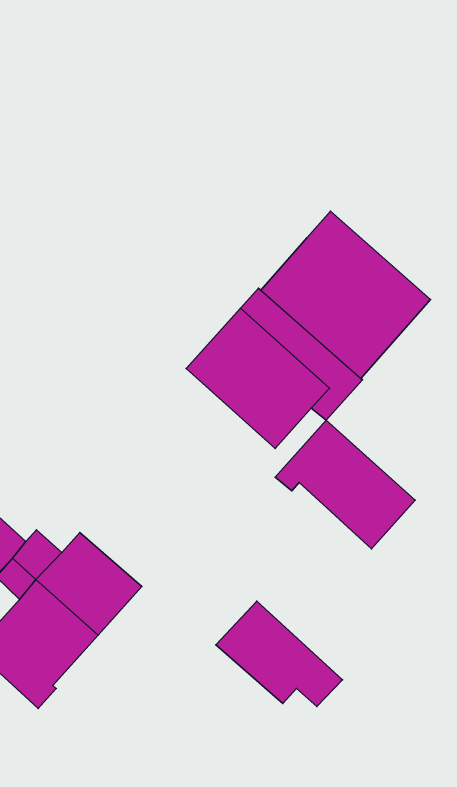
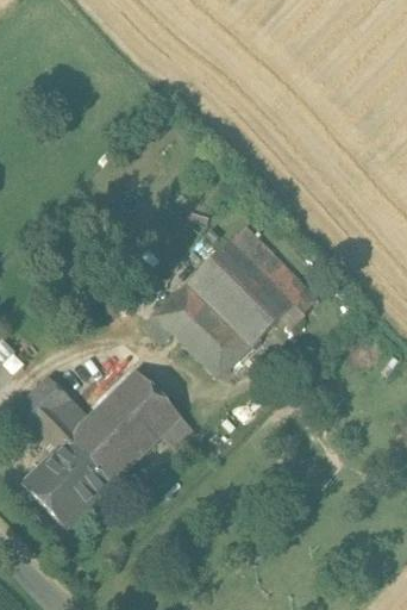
building: [261,211,430,378] -> none
building: [275,420,415,549] -> [148,282,251,380]
building: [216,601,342,707] -> [102,369,195,450]

